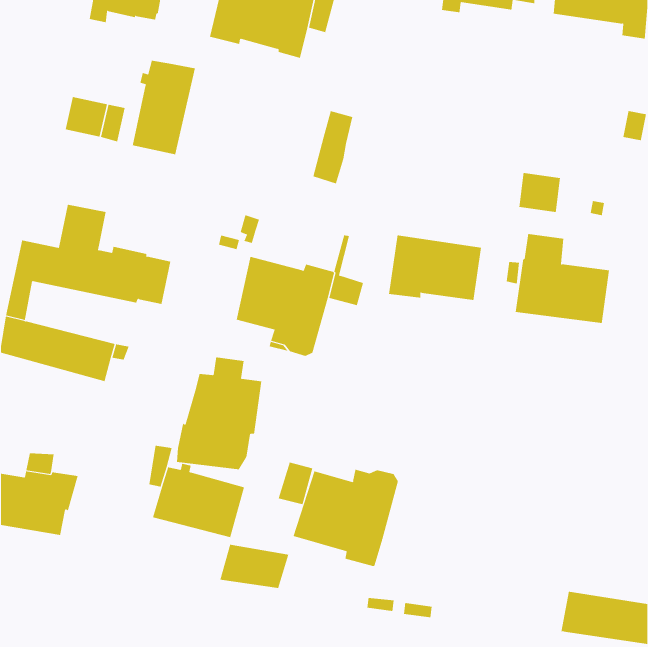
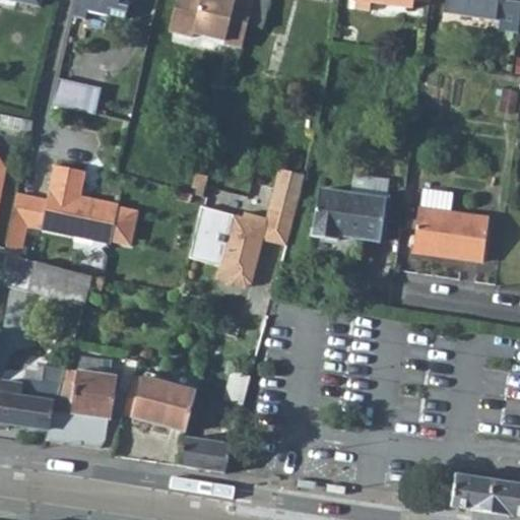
building: [132,60,195,155] -> none
building: [313,111,353,184] -> [272,168,305,226]
building: [519,172,561,213] -> none
building: [176,357,262,470] -> [48,355,117,446]
building: [293,469,399,567] -> none

